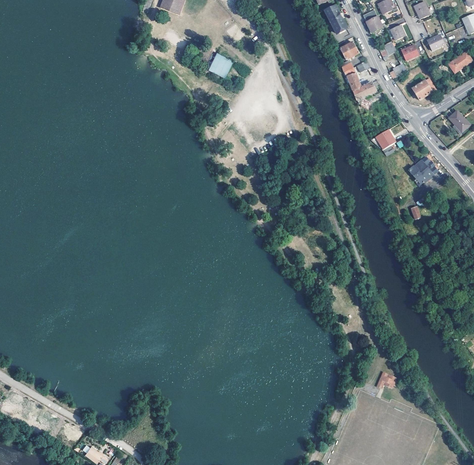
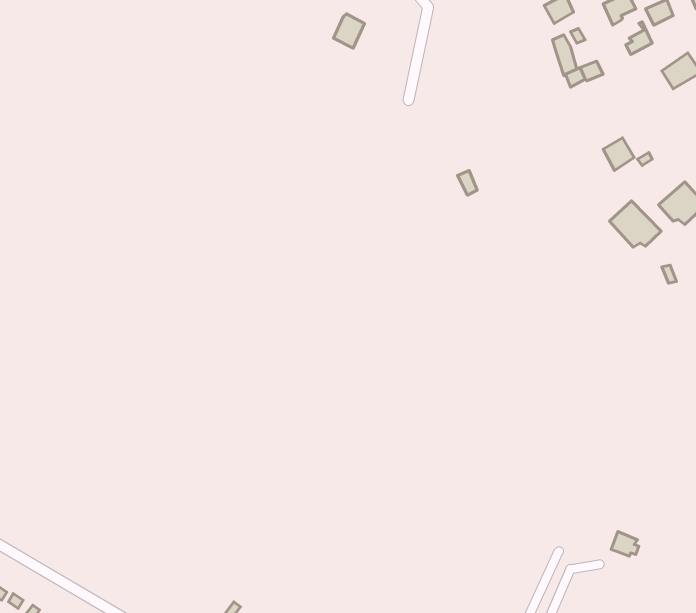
building: none -> [609,201,661,247]

